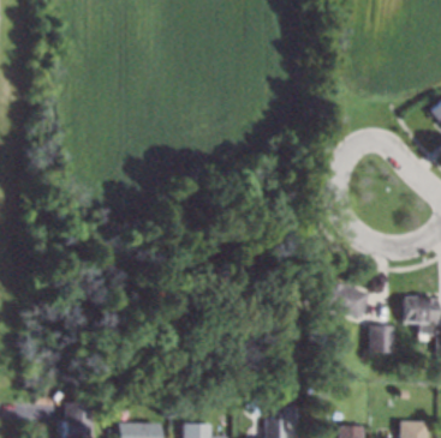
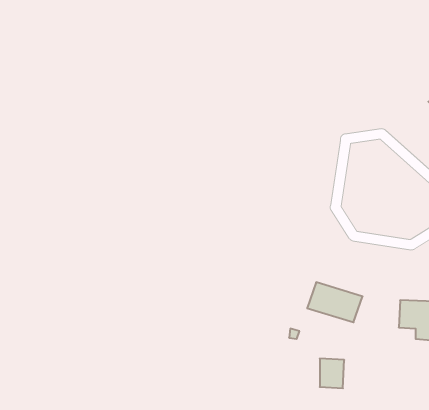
building: [370,324,393,352] -> [320,359,344,388]

